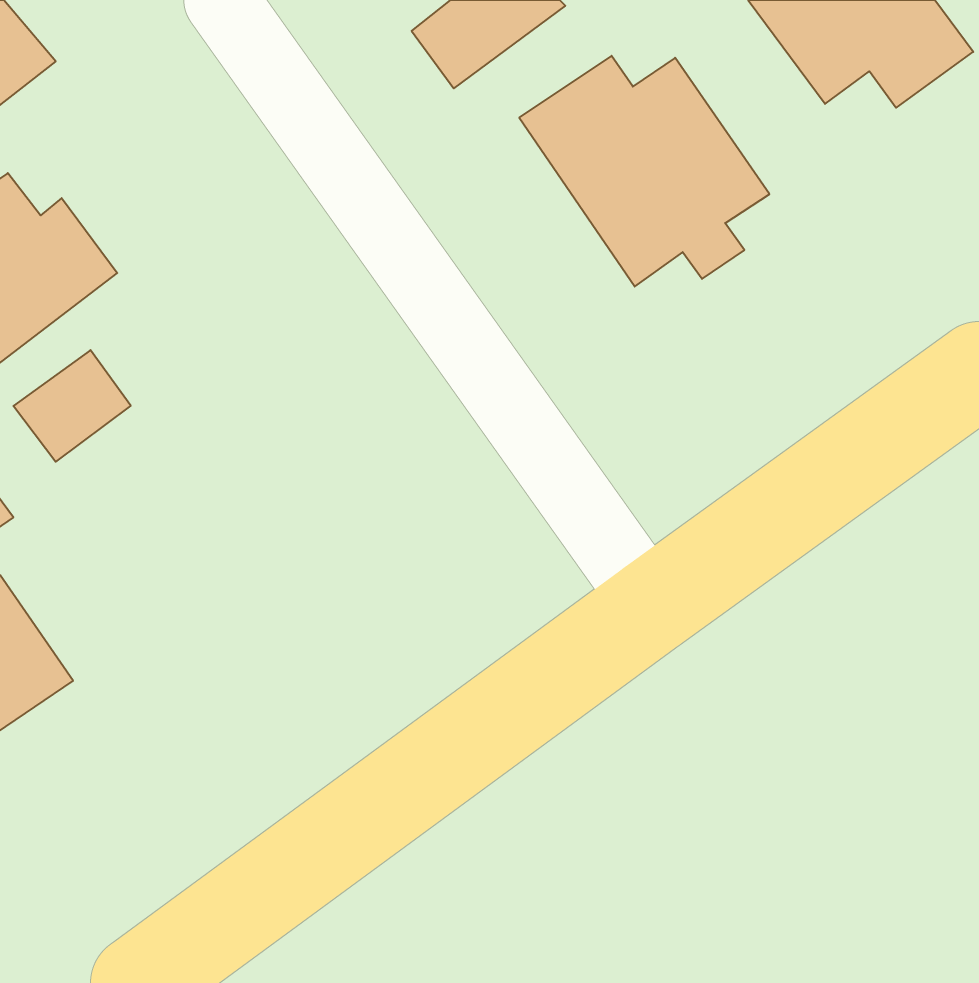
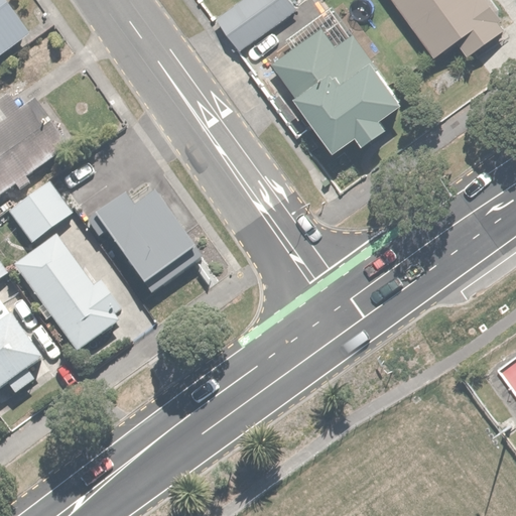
building: none -> [92,180,197,292]
building: none -> [13,227,129,351]

